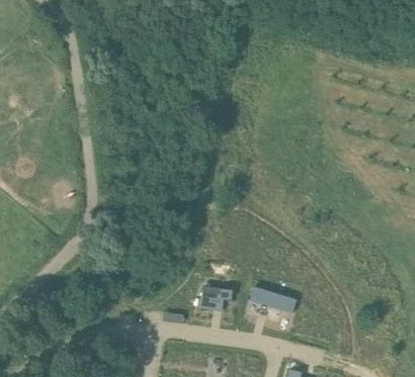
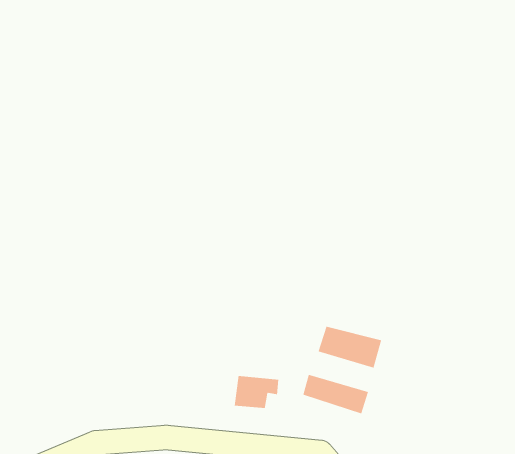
building: none -> [318,326,382,368]

